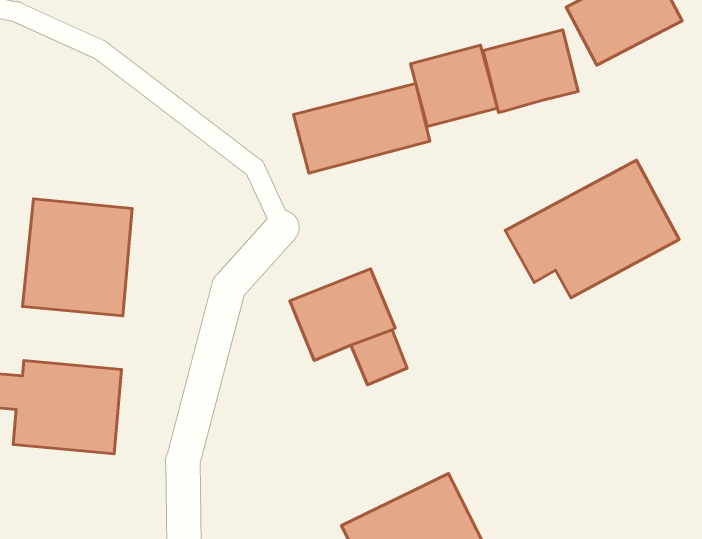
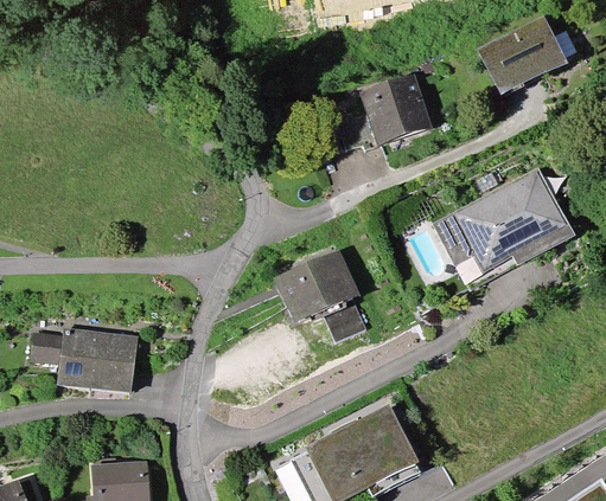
building: [483,30,578,112] -> none
building: [294,84,430,173] -> none
building: [23,199,132,316] -> none

